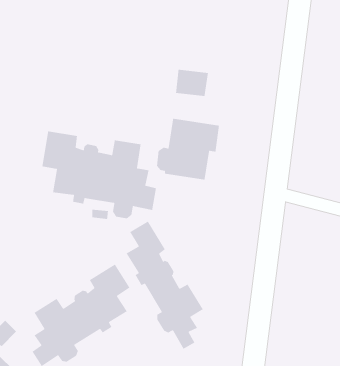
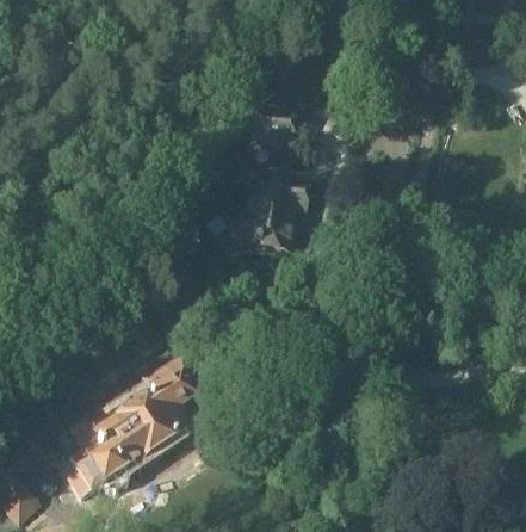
building: [41,130,157,219] -> none
building: [126,221,204,350] -> none

